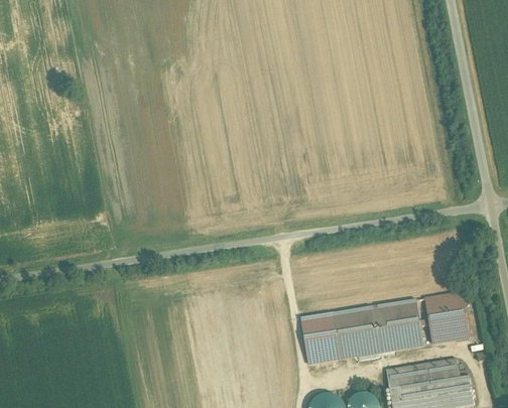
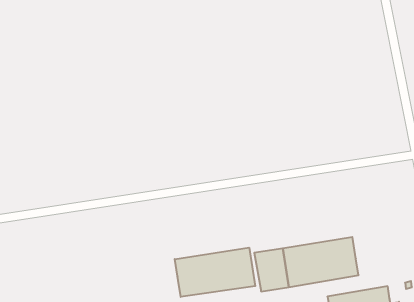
building: [425,293,469,344] -> none
building: none -> [175,248,255,297]

